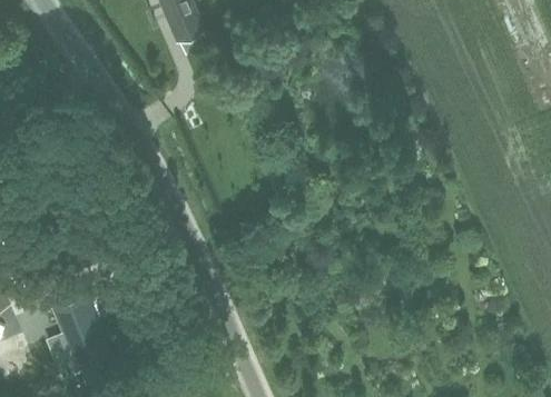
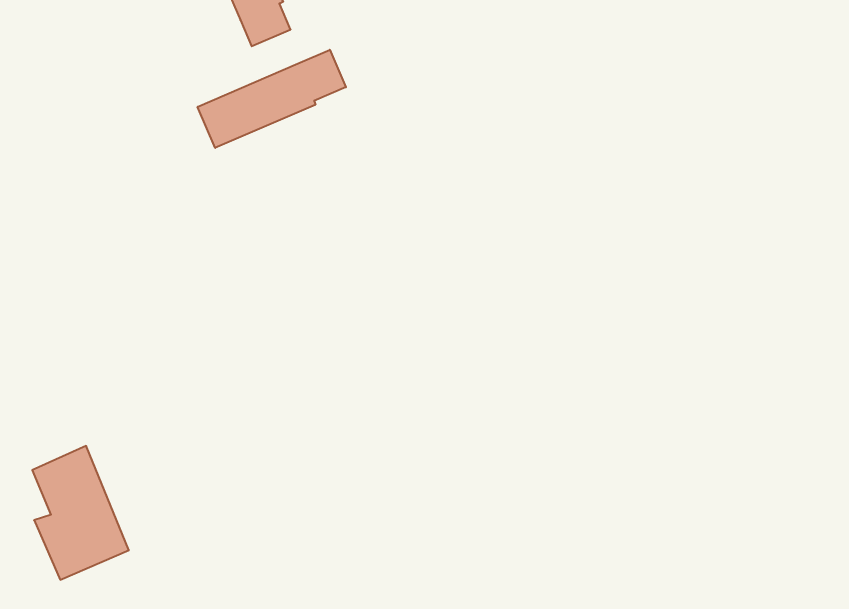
building: none -> [198,50,346,148]

